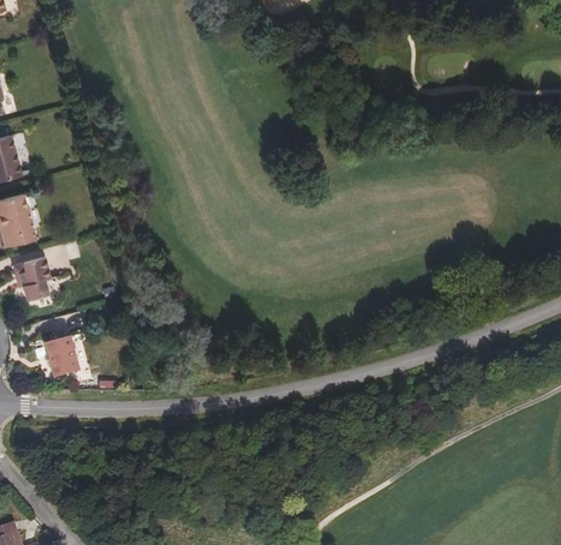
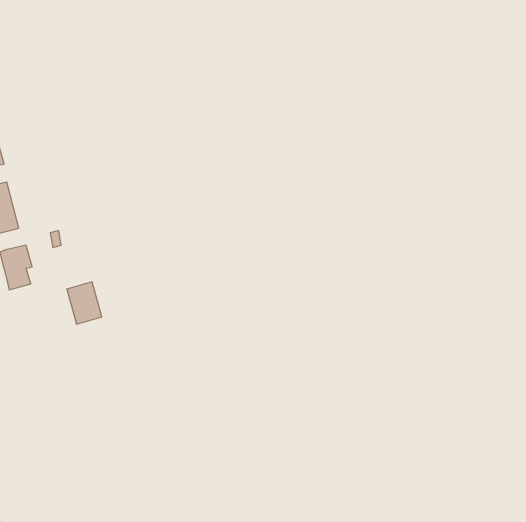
building: [43,336,78,378] -> [67,282,102,324]

